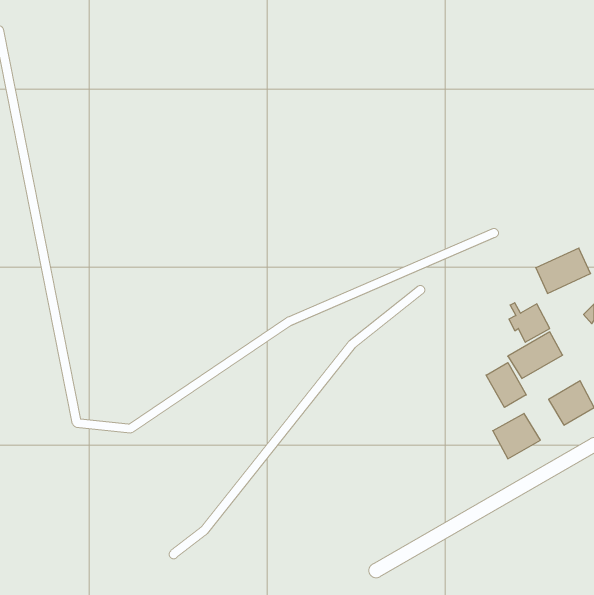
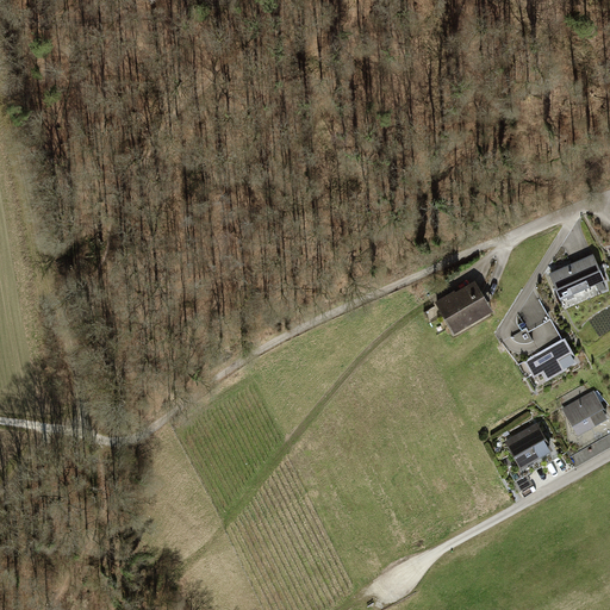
building: none -> [434,280,492,334]
building: [486,363,526,407] -> none

